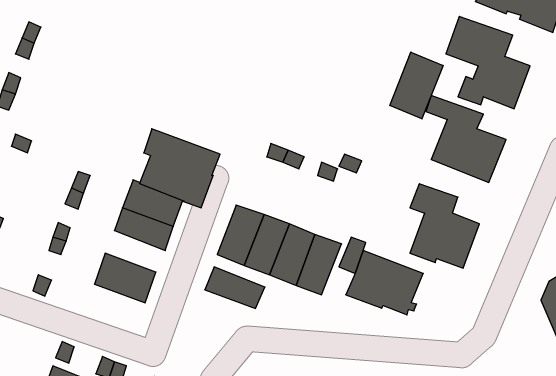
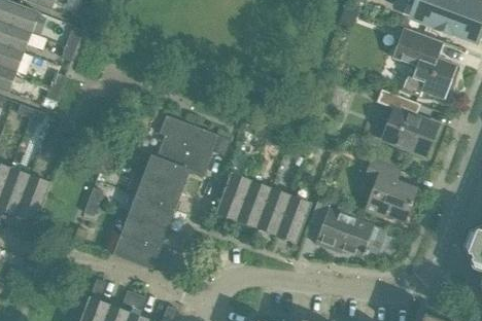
building: [390,52,443,119] -> none
building: [205,267,265,308] -> [129,192,175,224]
building: none -> [112,234,160,269]

